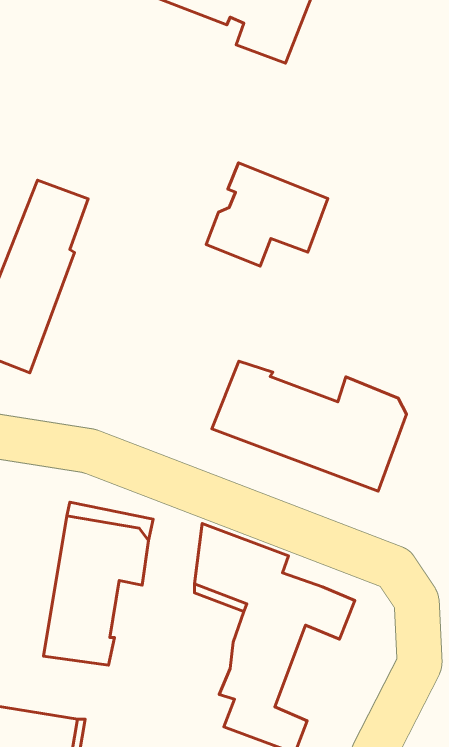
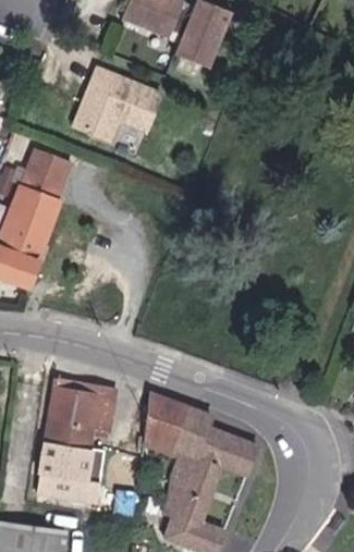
building: [206,163,328,266] -> [76,68,162,140]
building: [212,361,406,491] -> none

